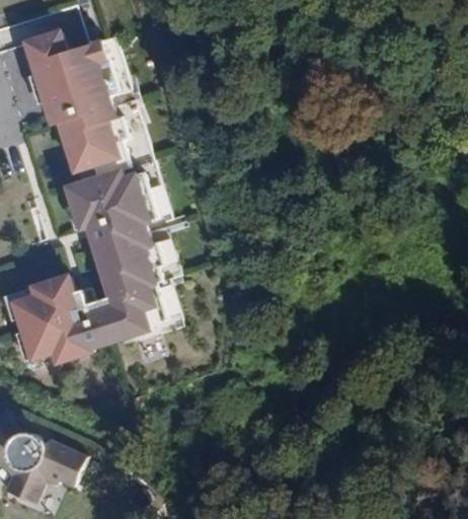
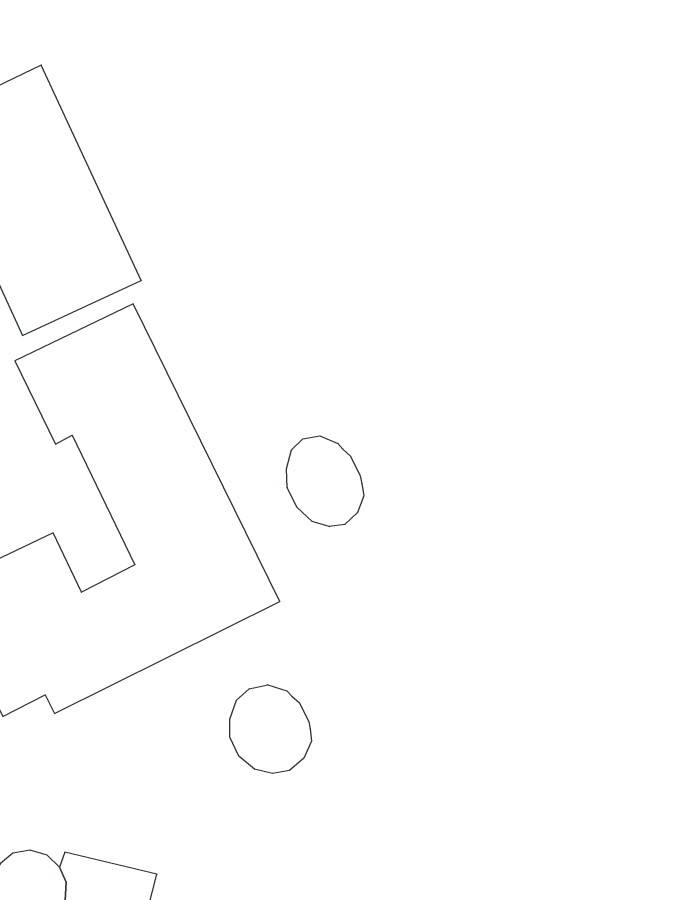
building: none -> [286,436,364,527]
building: none -> [230,685,312,773]

